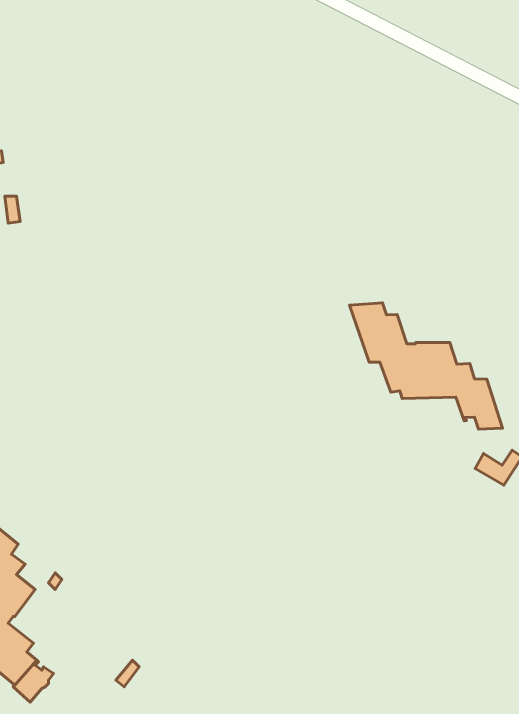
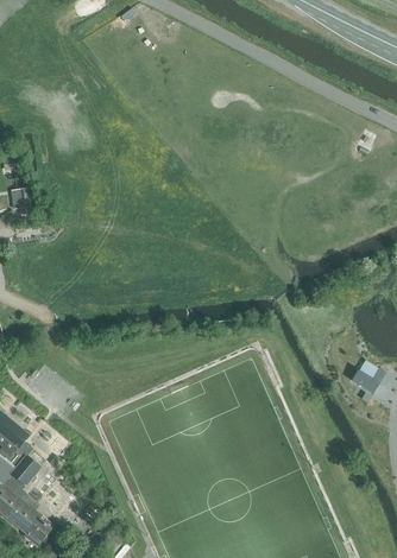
building: [349,303,502,429] -> none

